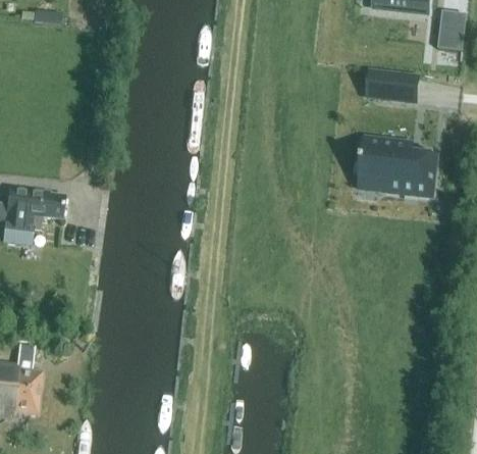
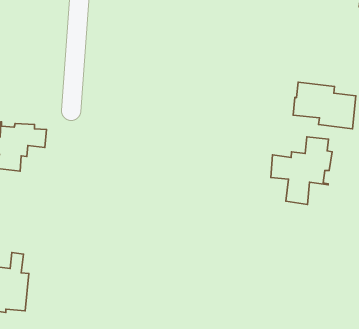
building: [366,71,399,99] -> none
building: none -> [271,137,332,205]

